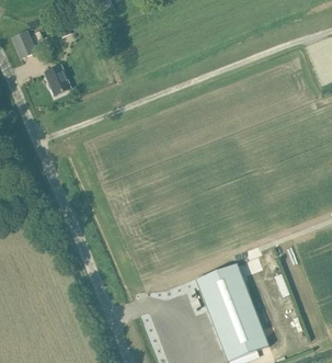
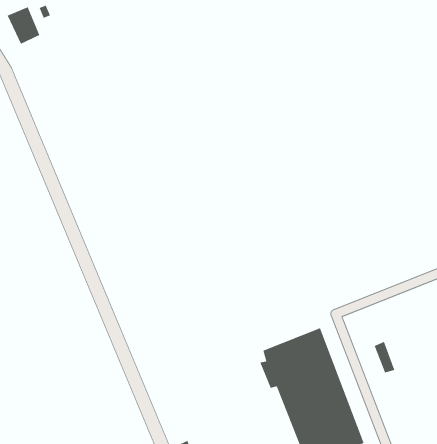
building: [43,65,70,95] -> none

